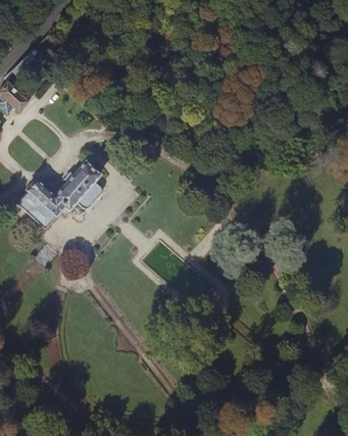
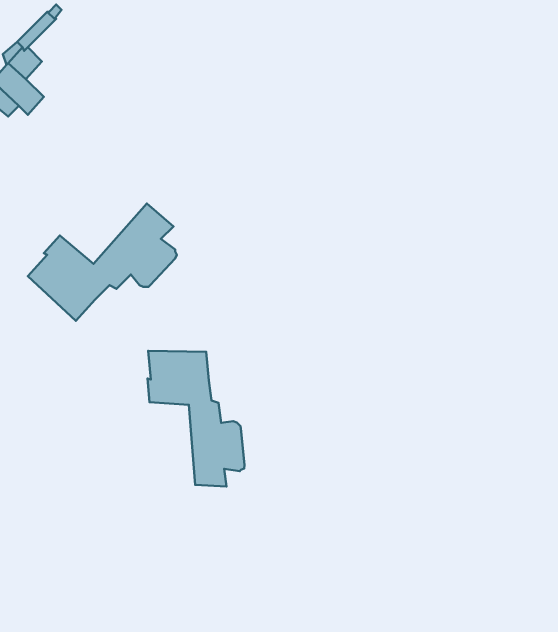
building: none -> [147,351,245,486]

